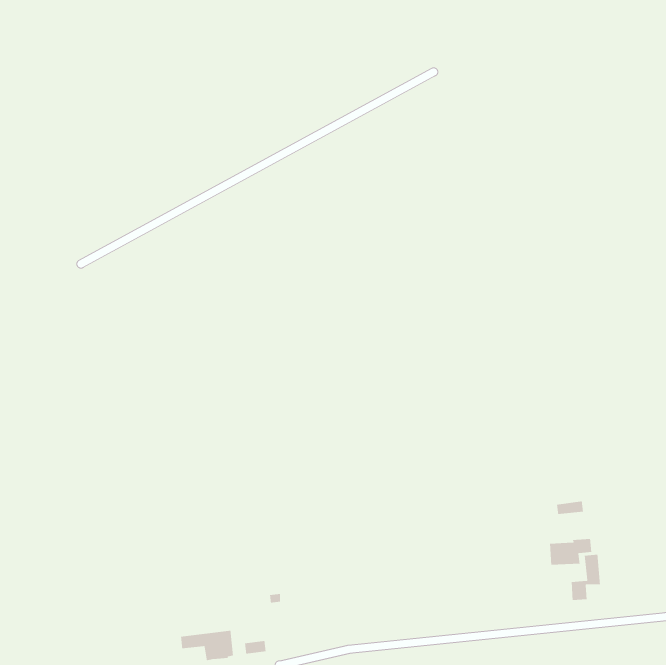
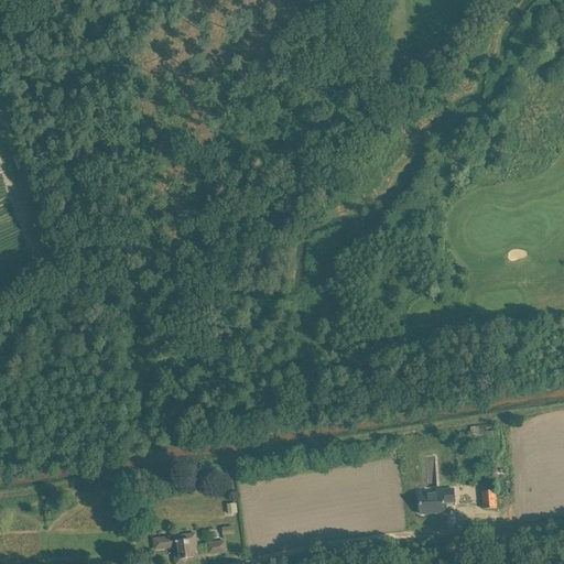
building: [549,538,592,566] -> [417,488,454,511]

